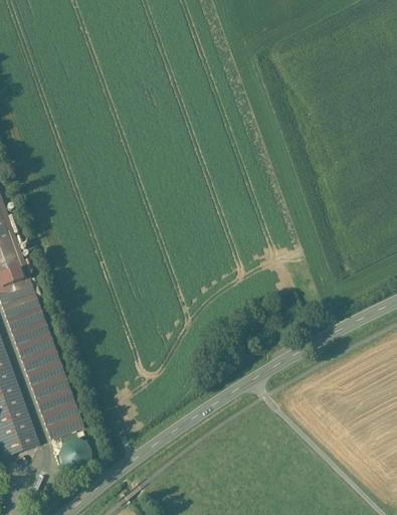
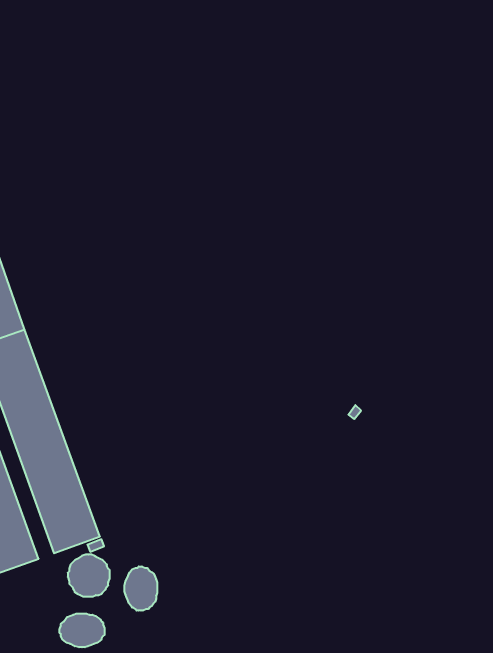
building: none -> [124,566,157,611]
building: none -> [59,614,105,647]

